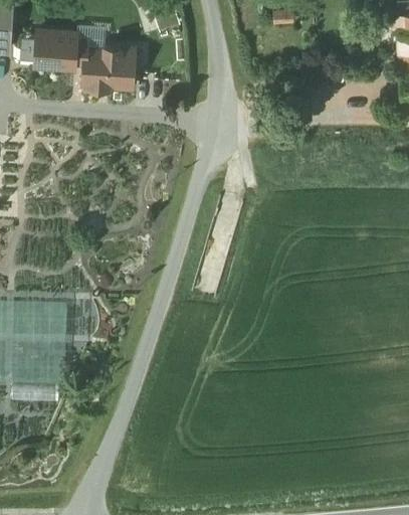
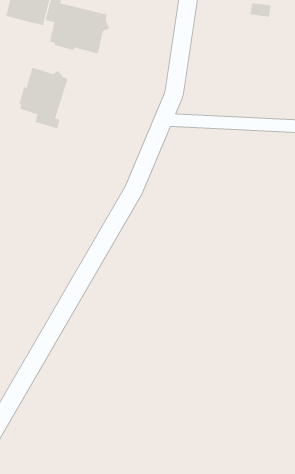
building: none -> [19,67,68,129]

